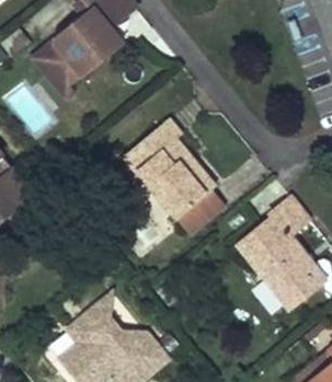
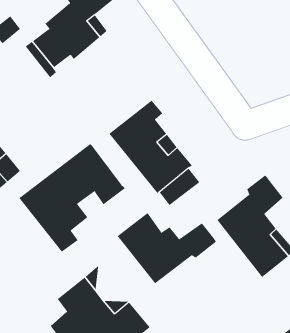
building: none -> [19,143,126,253]
building: none -> [117,212,217,284]

